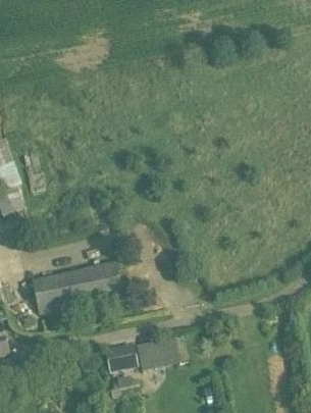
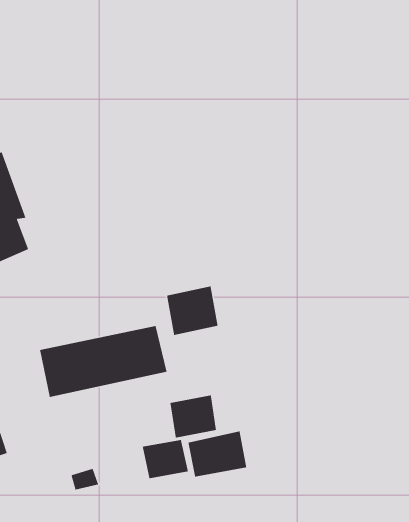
building: none -> [166,286,218,336]
building: none -> [170,394,217,438]

